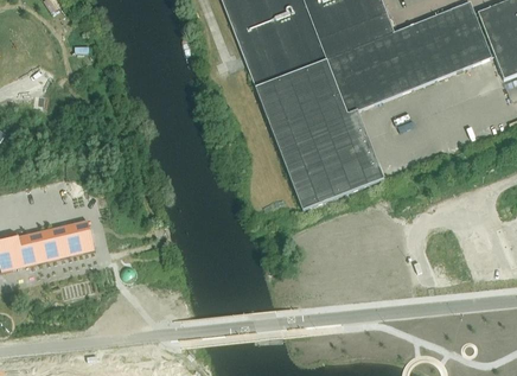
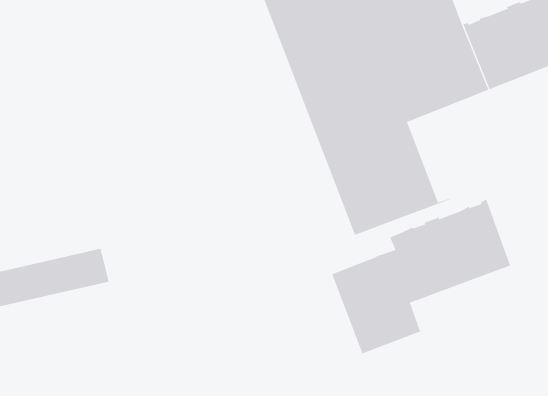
building: none -> [332,199,511,354]

